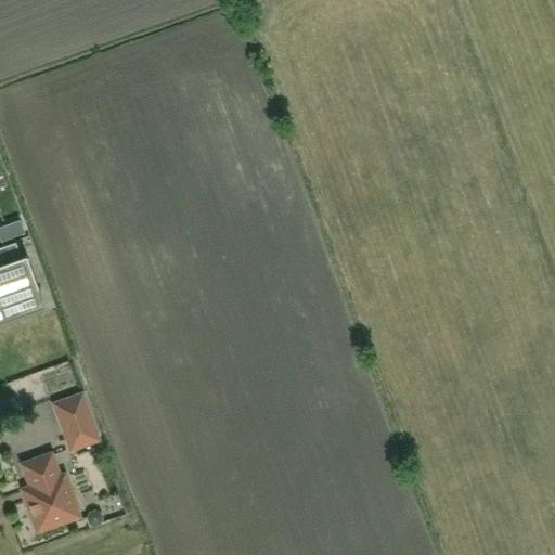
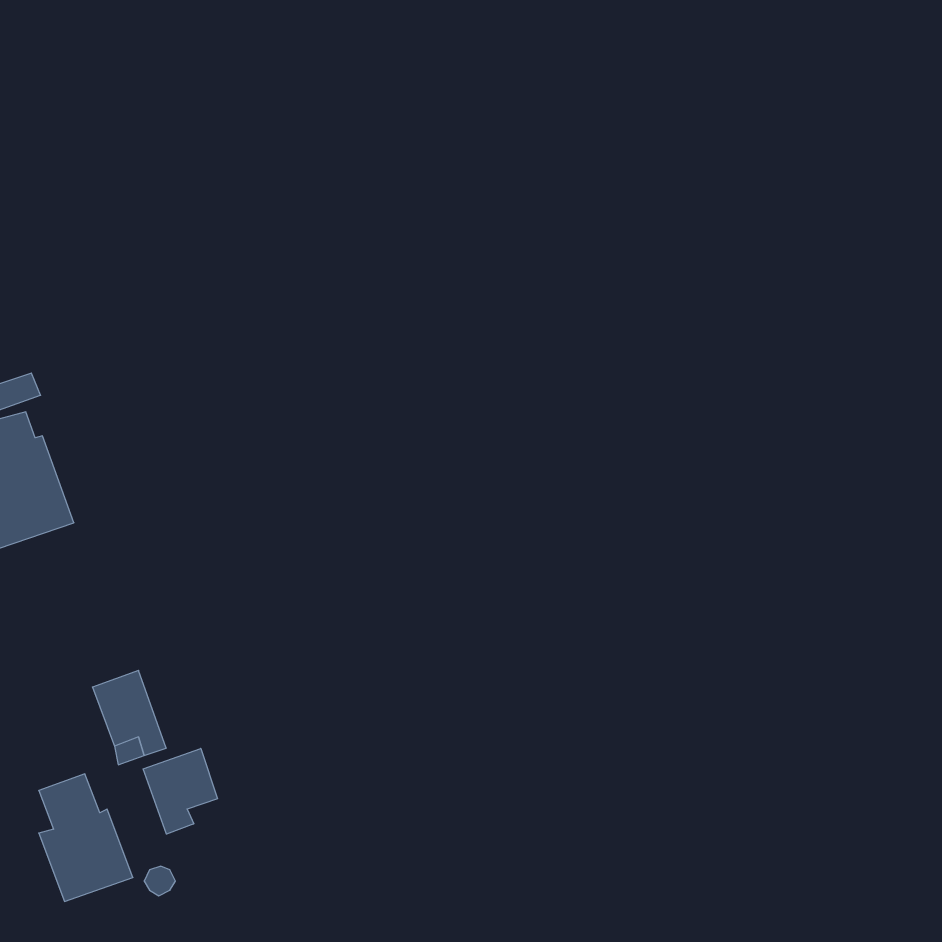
building: none -> [143,748,217,834]

